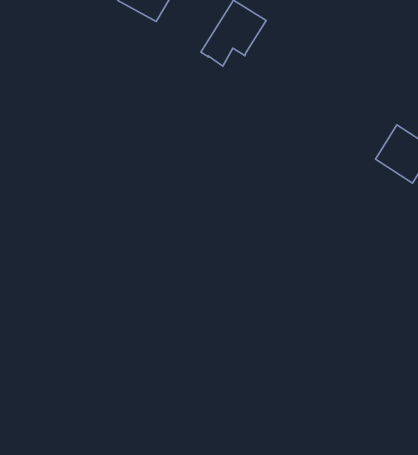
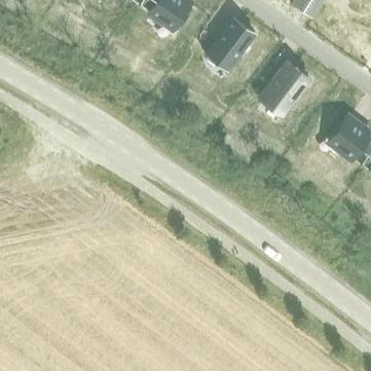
building: none -> [259,61,308,108]

